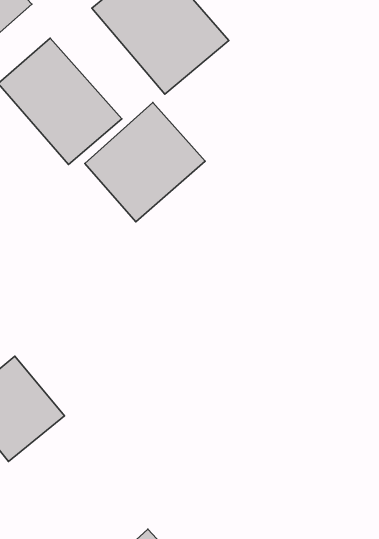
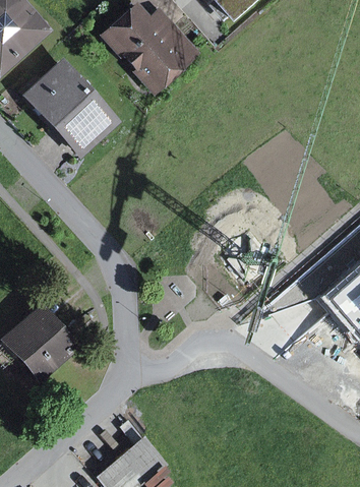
building: [85,102,205,222] -> none

